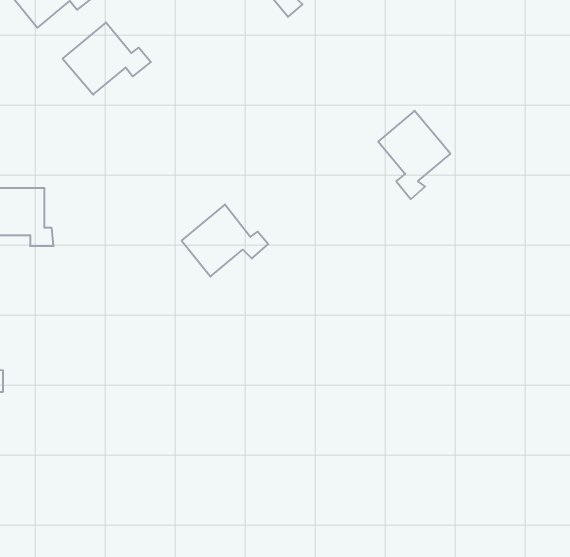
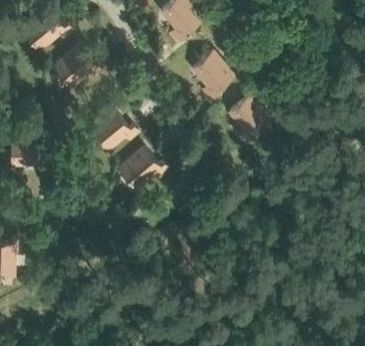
building: none -> [192,51,232,99]
building: none -> [88,109,137,149]

